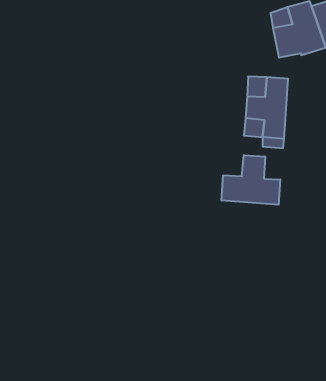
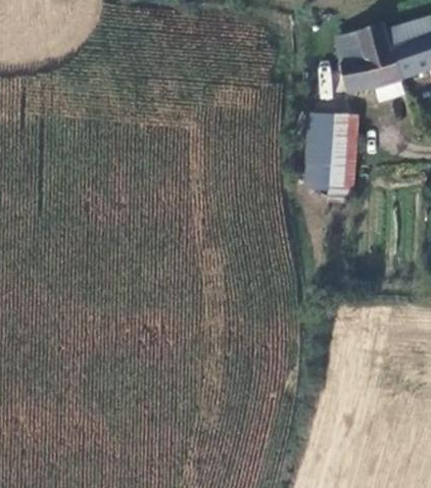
building: [222,155,280,205] -> none

